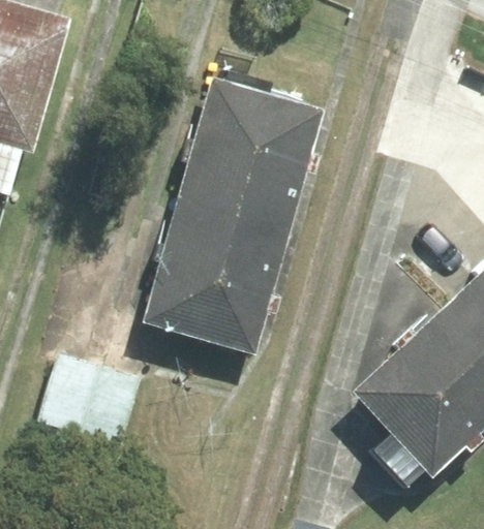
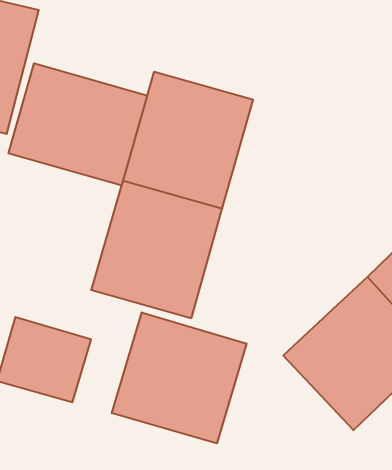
building: none -> [8,63,147,186]
building: none -> [112,312,246,443]

